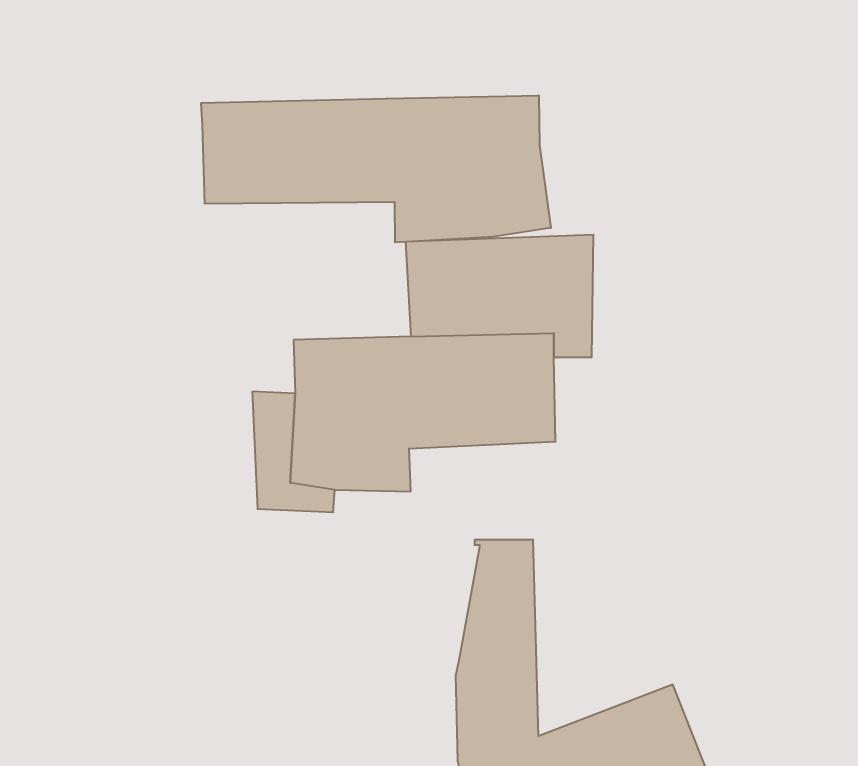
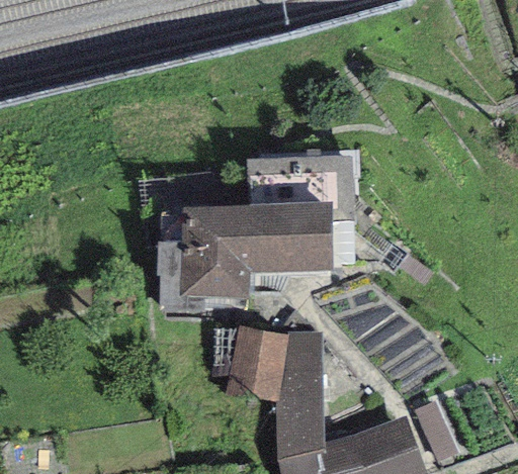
building: [201,95,551,242] -> none
building: none -> [226,324,290,400]

